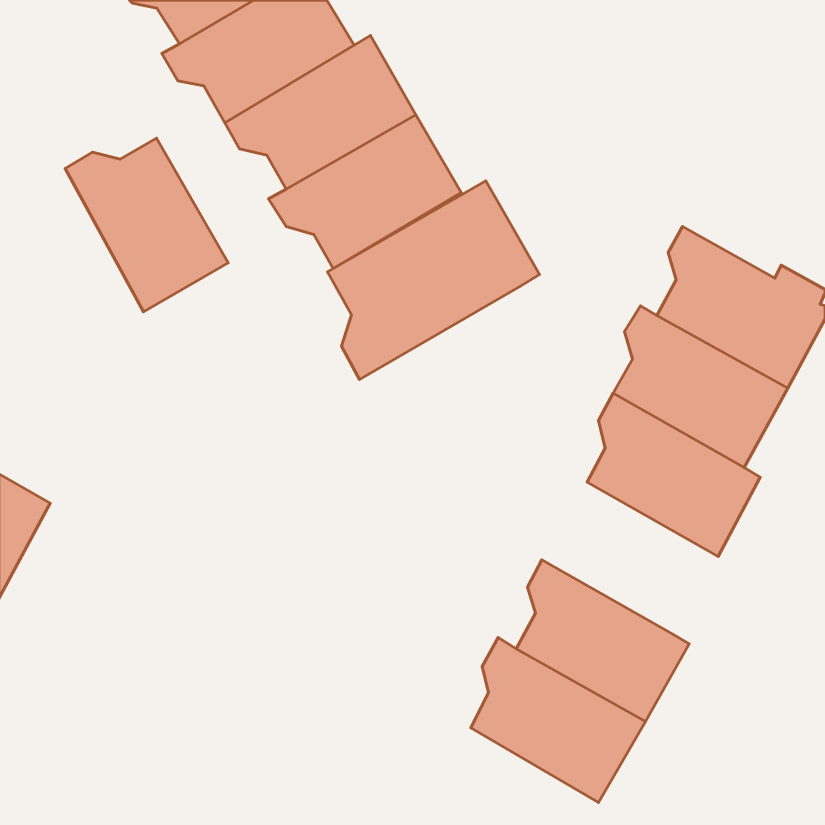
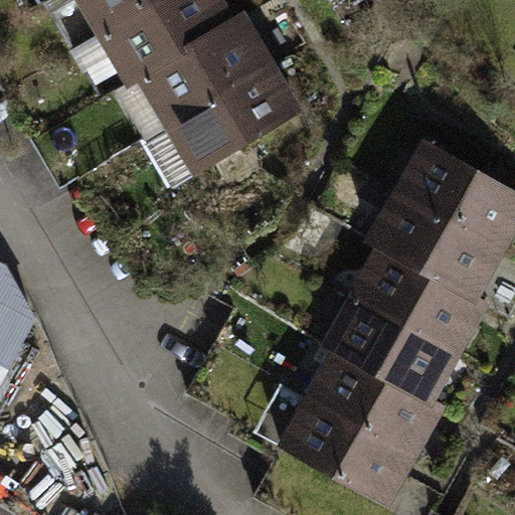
building: [65,138,228,312] -> none
building: [328,181,539,379] -> none
building: none -> [337,295,447,395]

